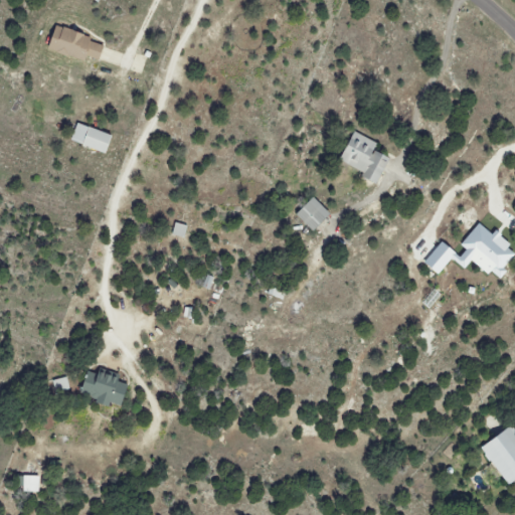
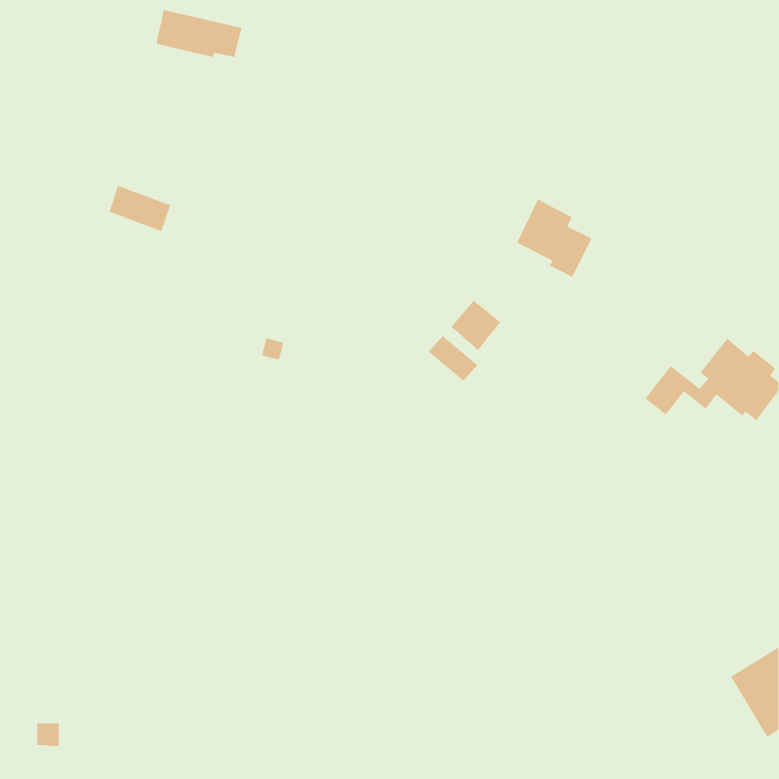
building: [48,27,106,59] -> [155,9,242,58]
building: none -> [428,335,478,382]
building: [81,371,129,405] -> none

